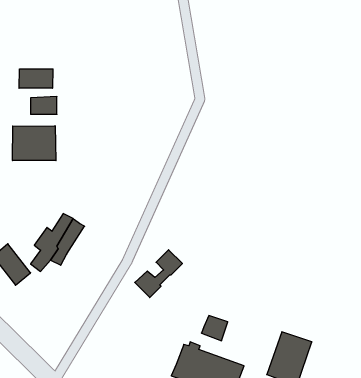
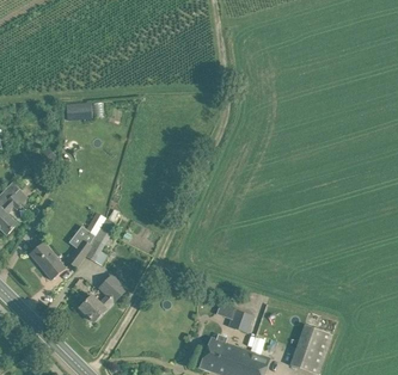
building: [19,69,53,88] -> none
building: [13,126,56,161] -> none
building: [135,250,182,298] -> [79,276,124,321]

